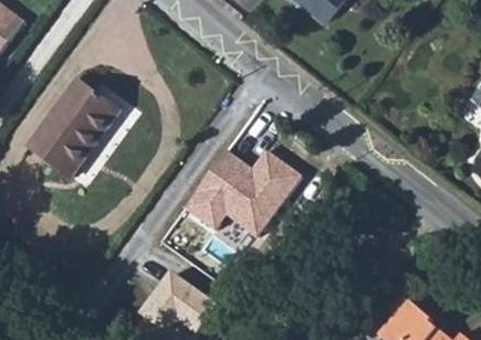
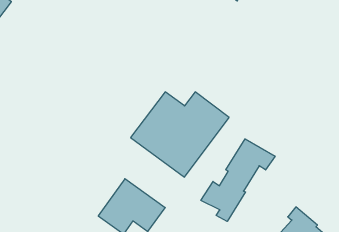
building: [27,79,119,179] -> none
building: none -> [201,139,275,221]

